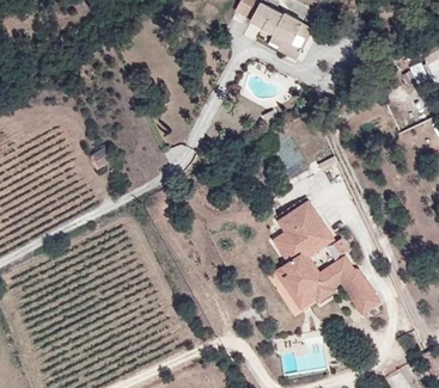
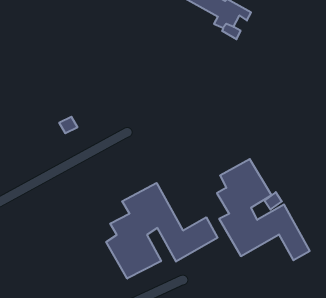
building: none -> [106,183,218,279]

